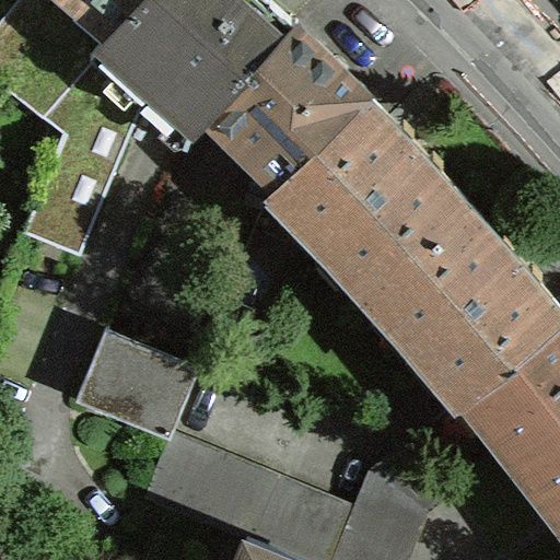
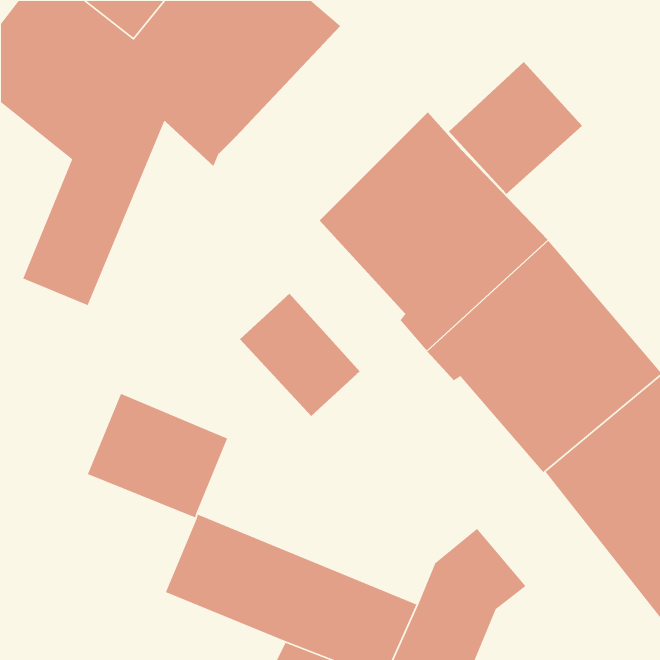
building: [201,24,363,188] -> none
building: none -> [448,61,583,195]
building: none -> [239,293,361,417]

